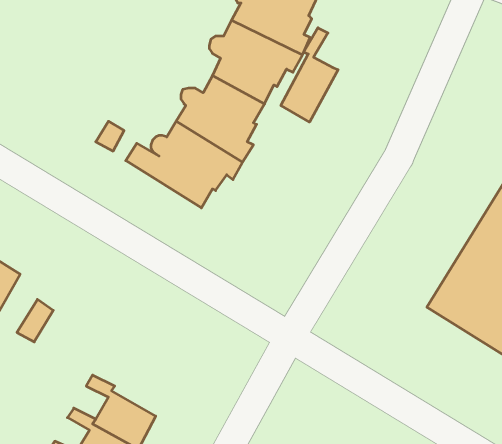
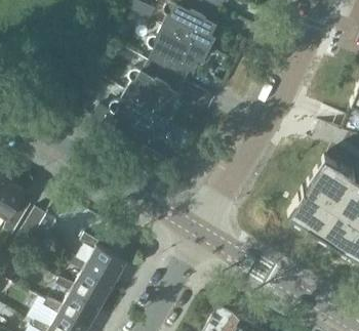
building: [281,28,338,122] -> none
building: none -> [81,235,127,284]

